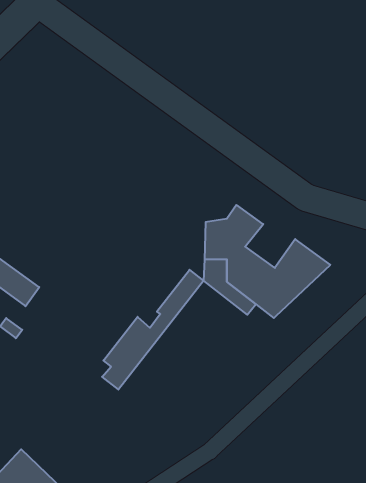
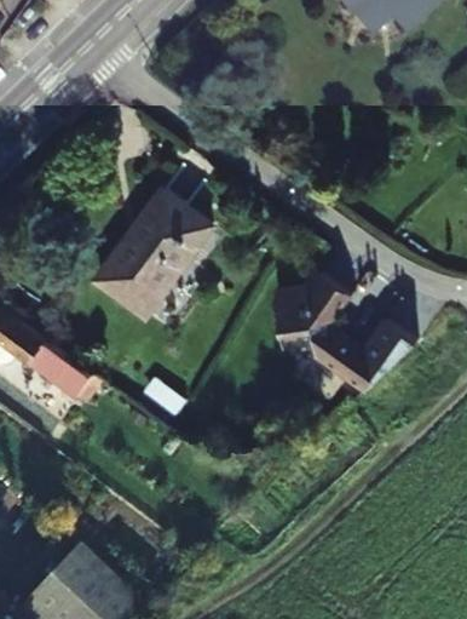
building: none -> [102,188,213,309]
building: [102,270,203,390] -> none

